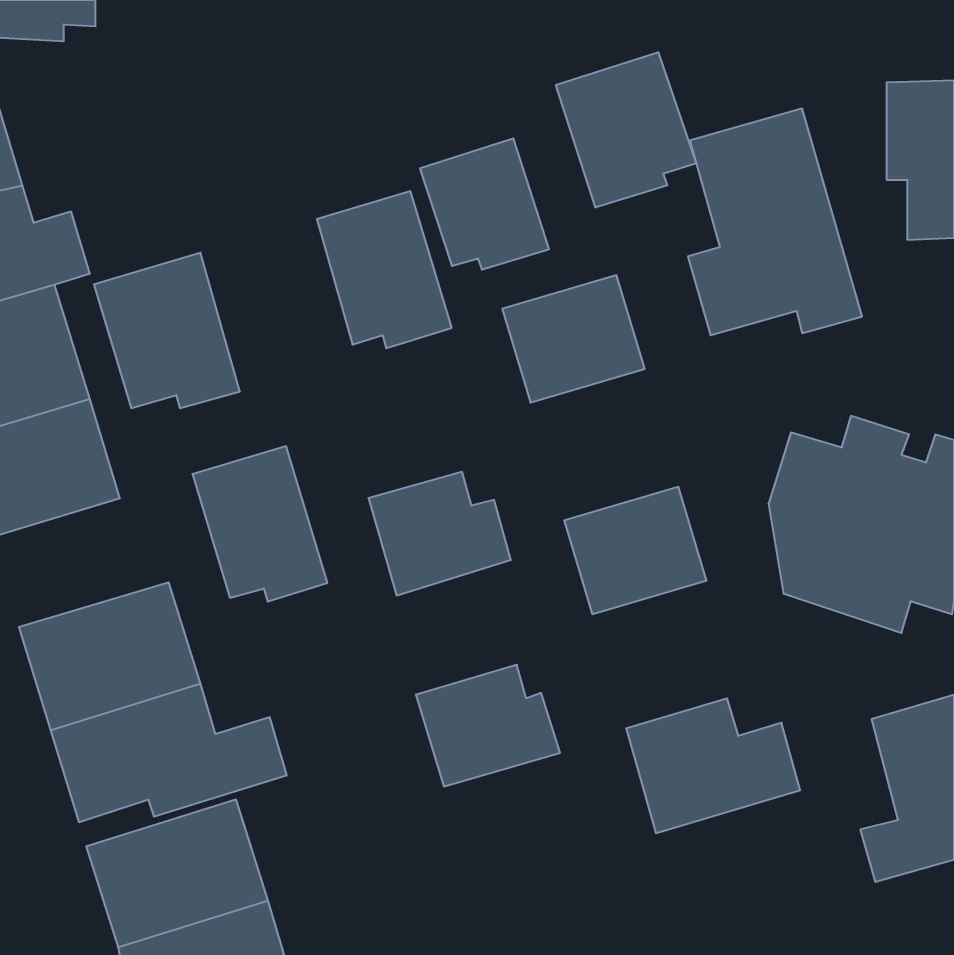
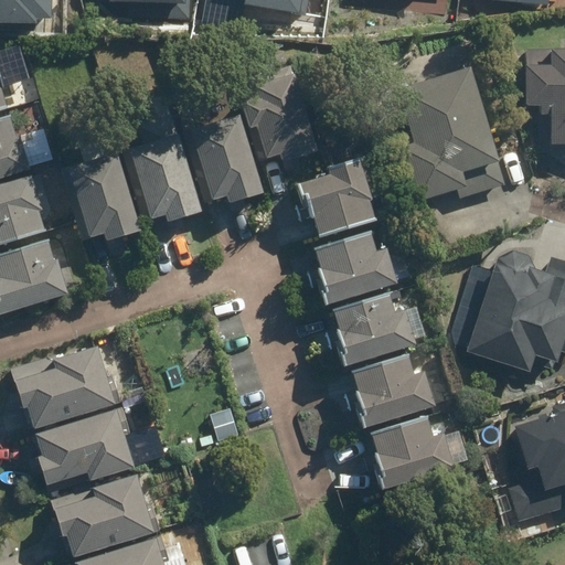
building: [556,52,696,208] -> none
building: [192,446,327,601] -> [124,132,203,224]
building: [368,472,511,595] -> [315,231,398,303]
building: [416,665,560,786] -> [350,353,435,425]

